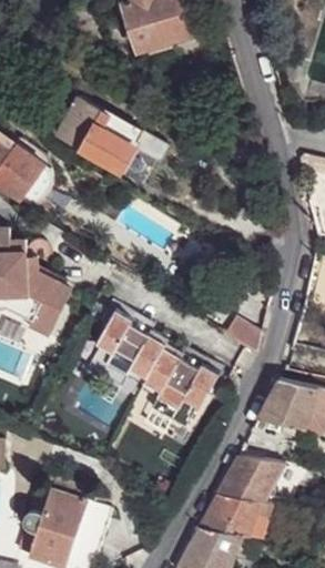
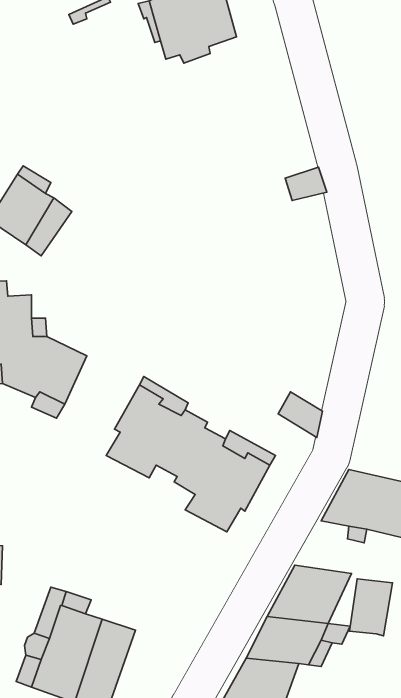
building: [54,95,169,171] -> none
building: none -> [349,579,393,636]

